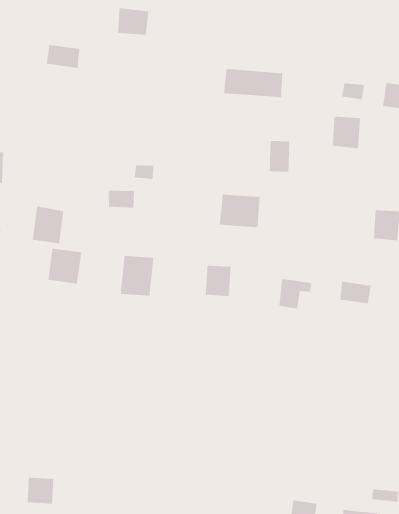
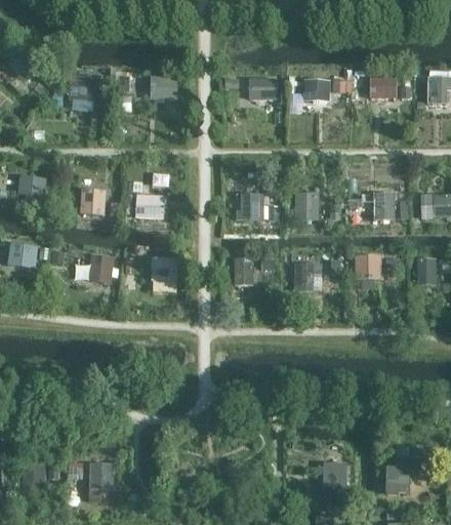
building: [117,8,149,35] -> [152,77,179,100]
building: [332,116,361,149] -> [301,76,327,105]
building: [269,140,290,173] -> [289,190,310,219]
building: [32,206,64,244] -> [81,183,108,215]

